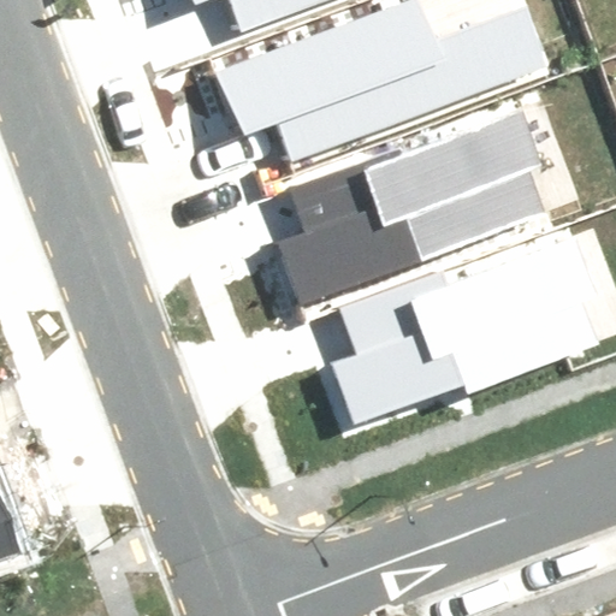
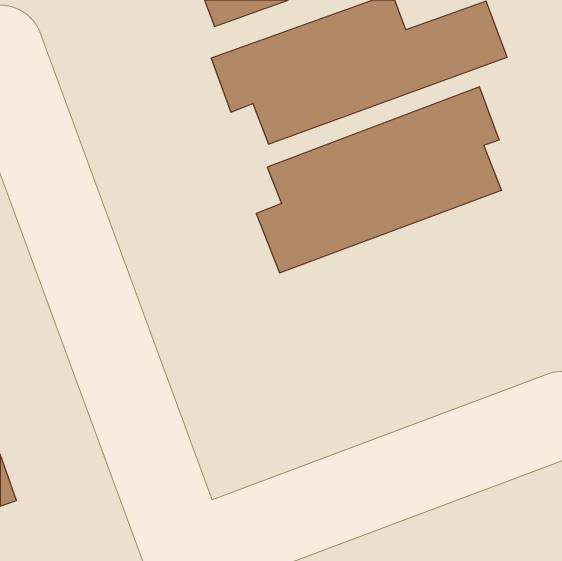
building: [326,232,594,426] -> none

